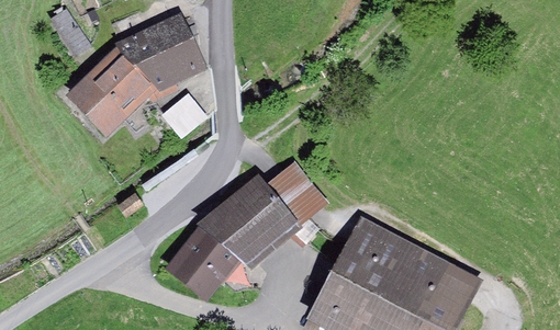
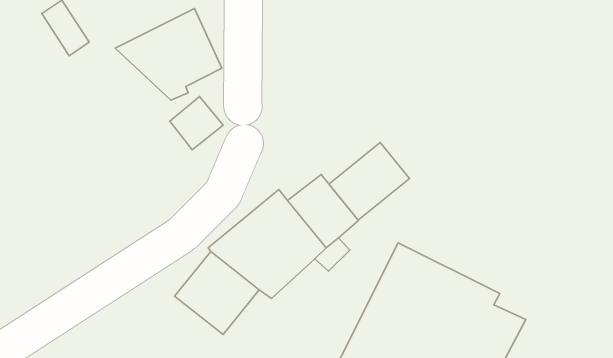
building: [64,49,160,136] -> none
building: none -> [329,142,409,220]

